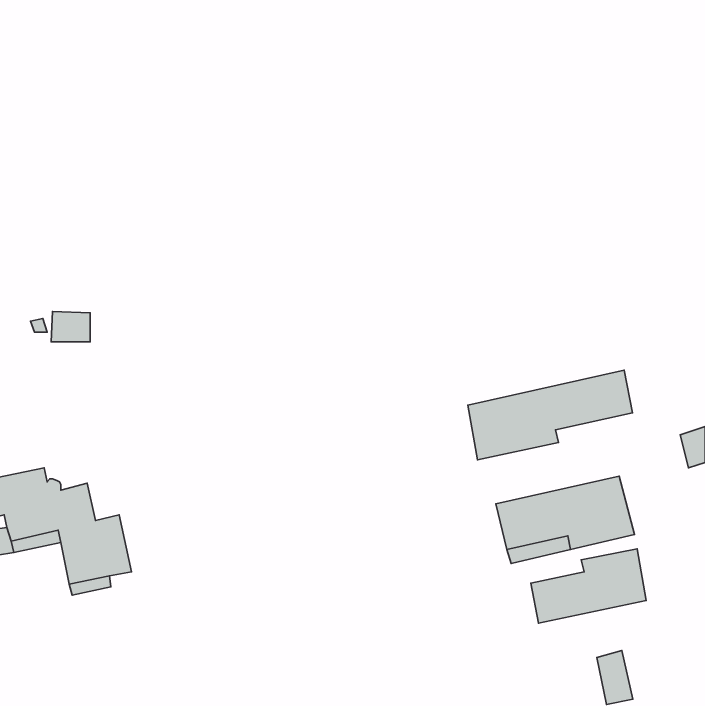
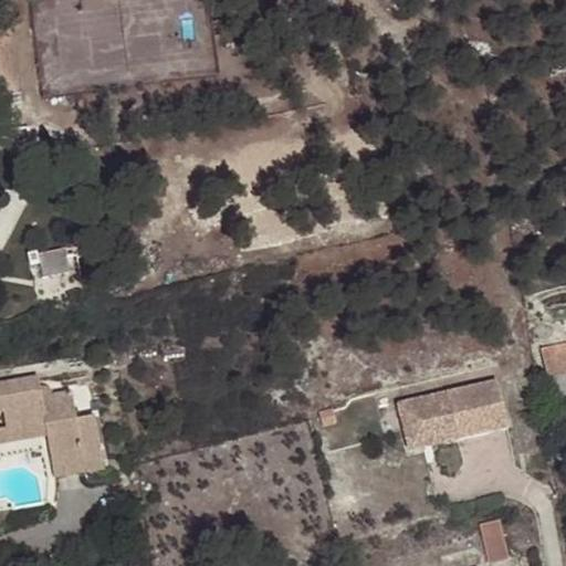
building: [468,370,633,460] -> none
building: [531,549,646,623] -> none

